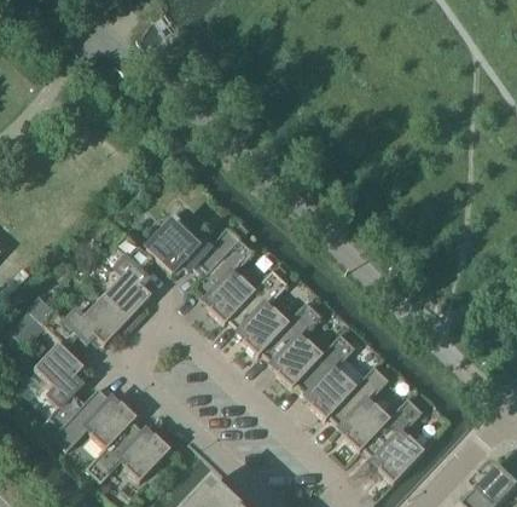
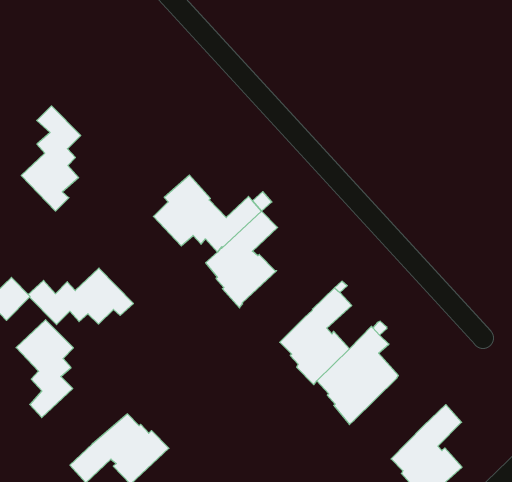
building: [101,234,151,324] -> [21,106,81,211]
building: [227,269,287,355] -> none
building: [329,365,389,450] -> none
building: [52,386,136,449] -> none

